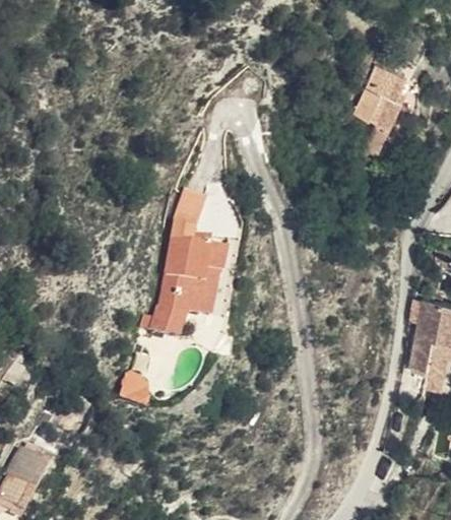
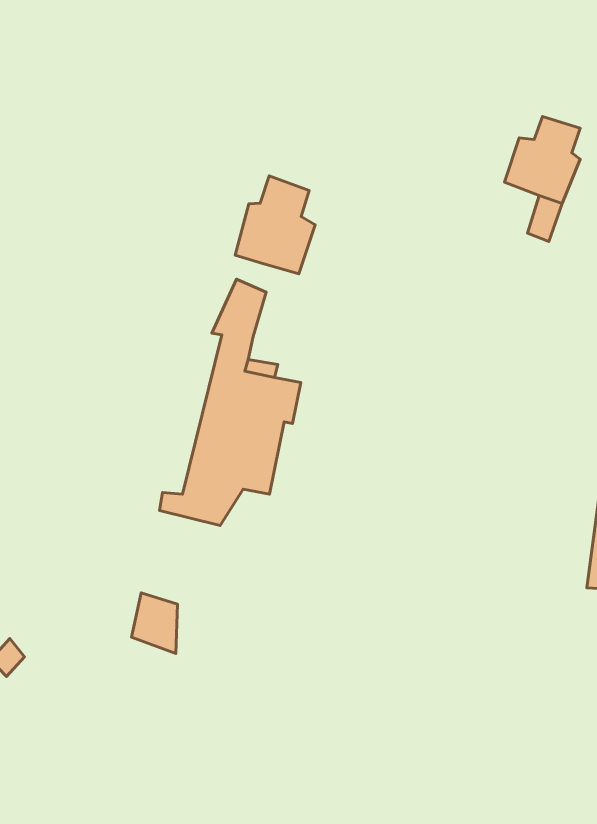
building: none -> [235,176,315,274]

